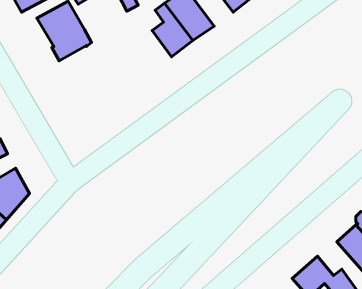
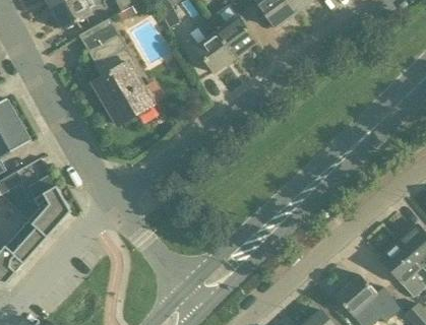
building: none -> [94,62,153,124]

